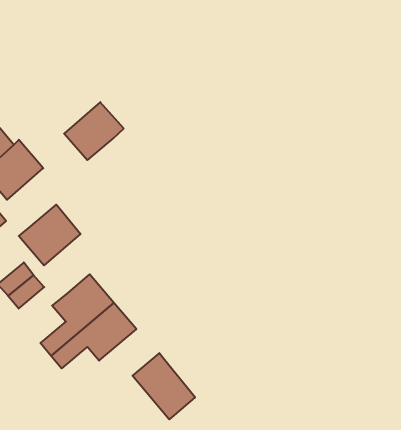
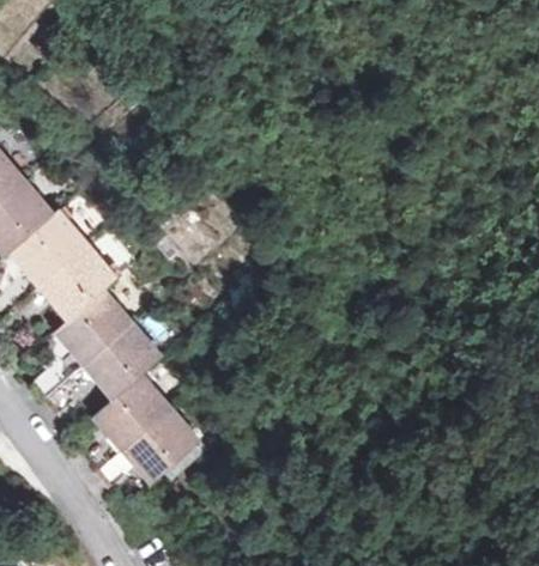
building: [64,102,124,160] -> [42,244,115,315]
building: none -> [87,324,161,396]
building: [133,353,195,419] -> none

